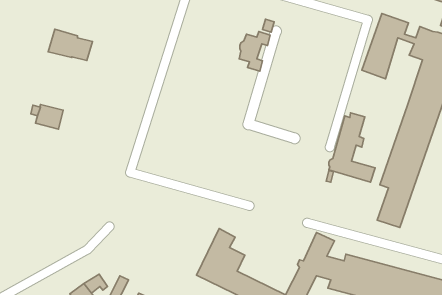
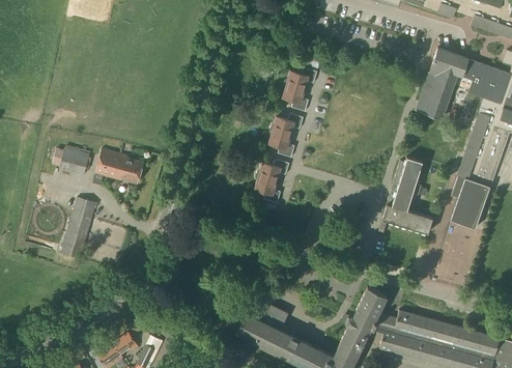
building: [48,29,93,61] -> [95,148,144,182]
building: none -> [269,113,304,158]
building: none -> [255,159,290,203]
building: none -> [62,197,96,258]

